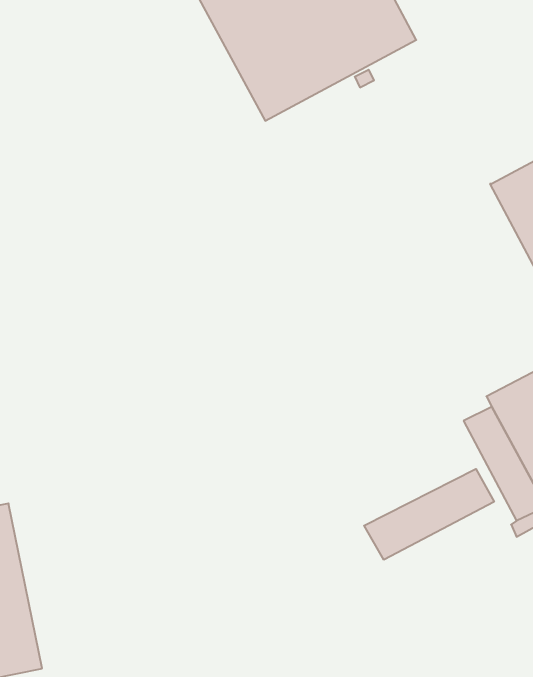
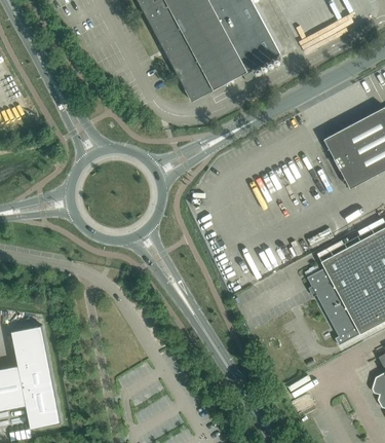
building: [364,469,494,560] -> none

